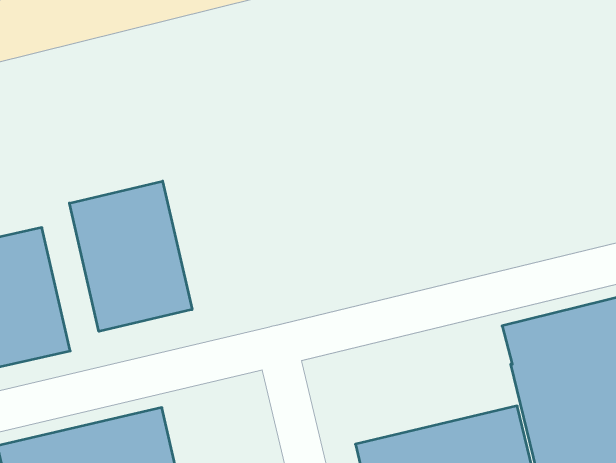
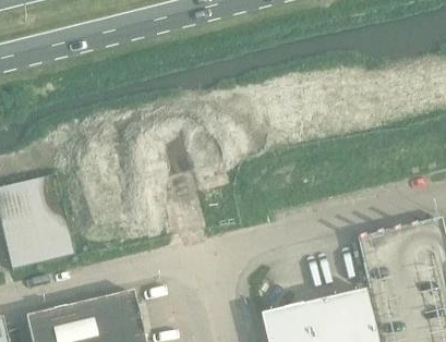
building: [69,181,192,331] -> none

